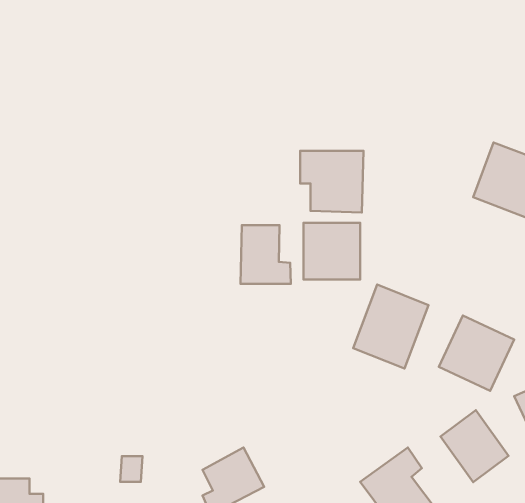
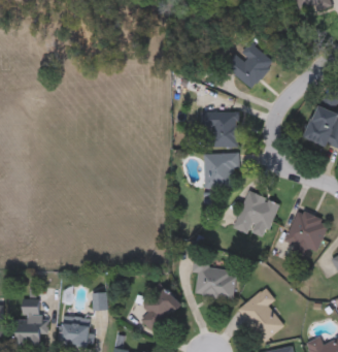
building: none -> [224,39,273,89]
building: [241,225,291,284] -> none
building: none -> [193,260,237,300]
building: [441,410,509,482] -> none

